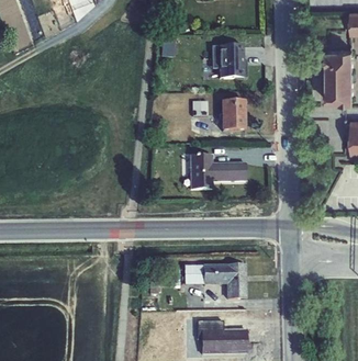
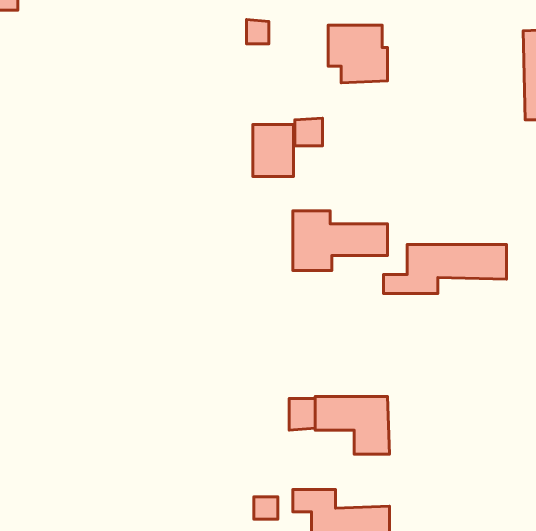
building: [219,102,243,133] -> [253,124,294,176]
building: none -> [384,244,506,293]

